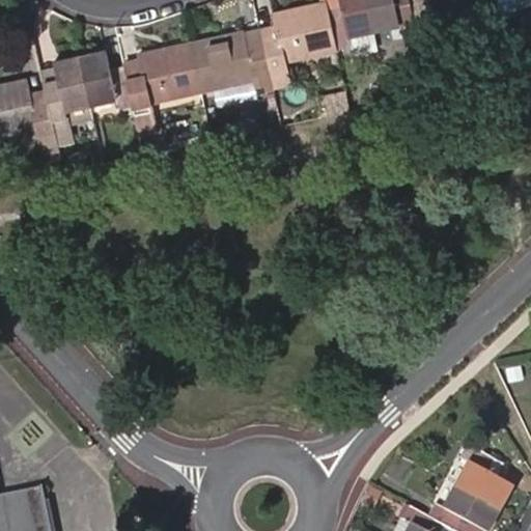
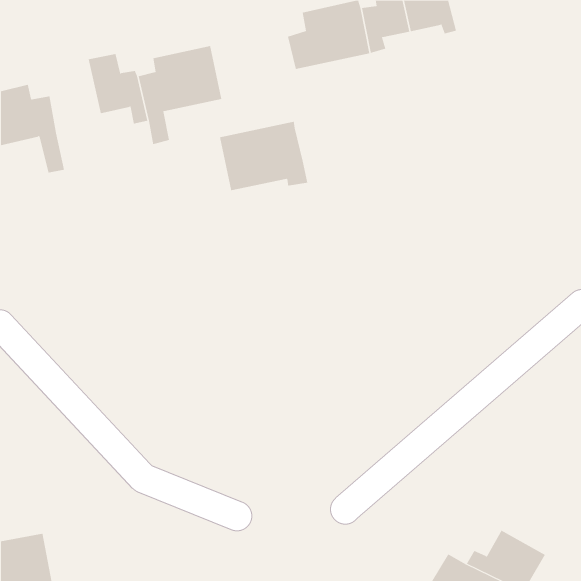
building: [193,28,274,91] -> [219,121,308,191]
building: [45,55,92,122] -> none
building: [457,443,510,506] -> none

